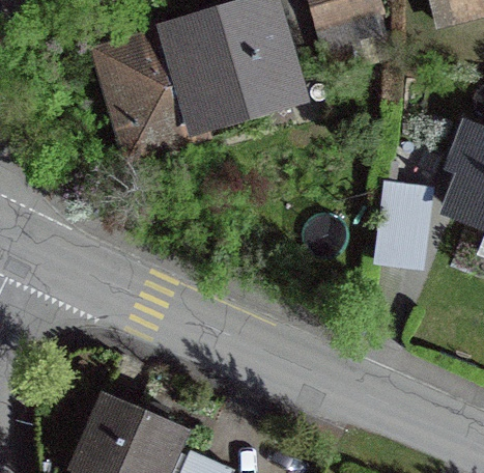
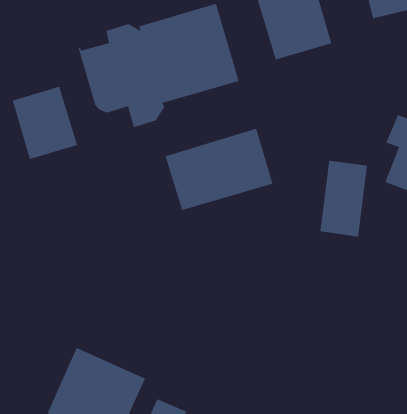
building: none -> [12,86,78,160]
building: none -> [165,128,273,211]

